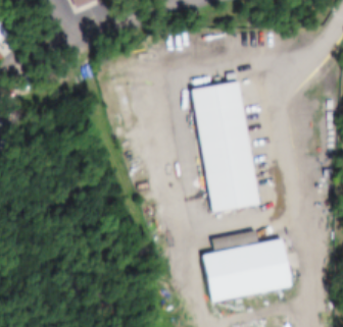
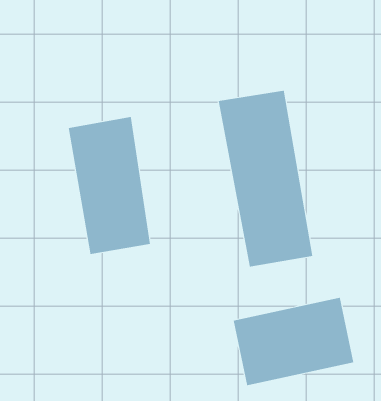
building: none -> [68,116,151,255]

